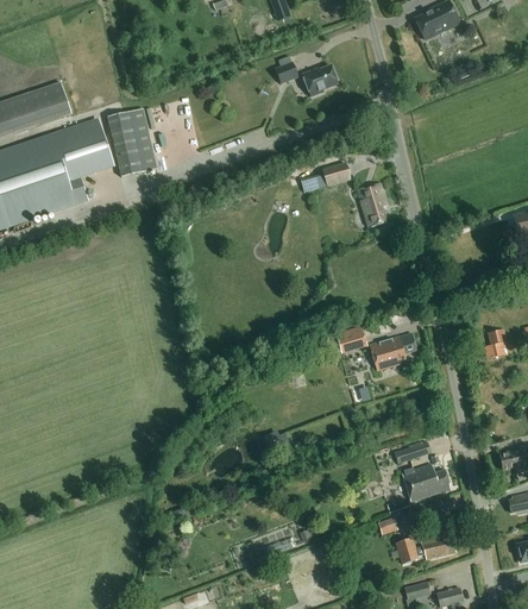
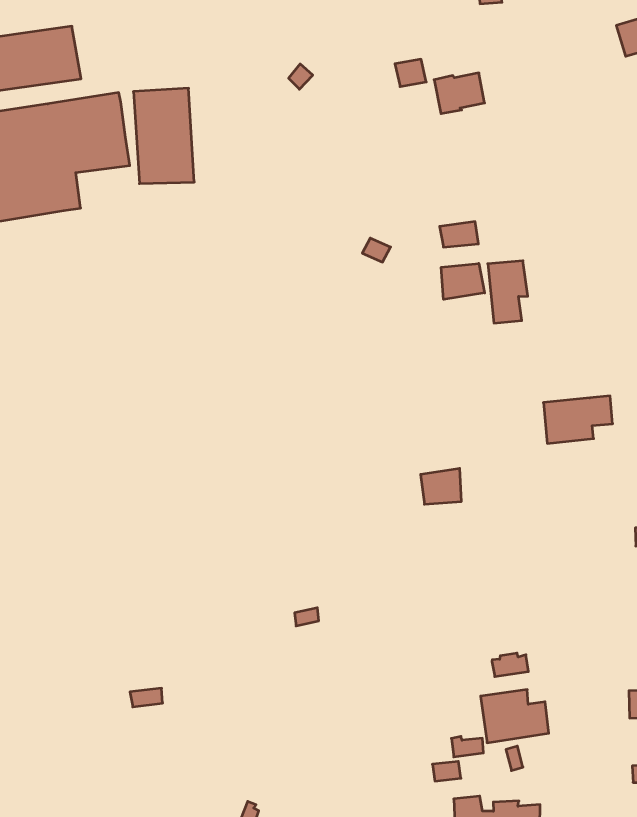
building: none -> [441,263,485,299]
building: [370,332,417,370] -> [543,396,613,443]

